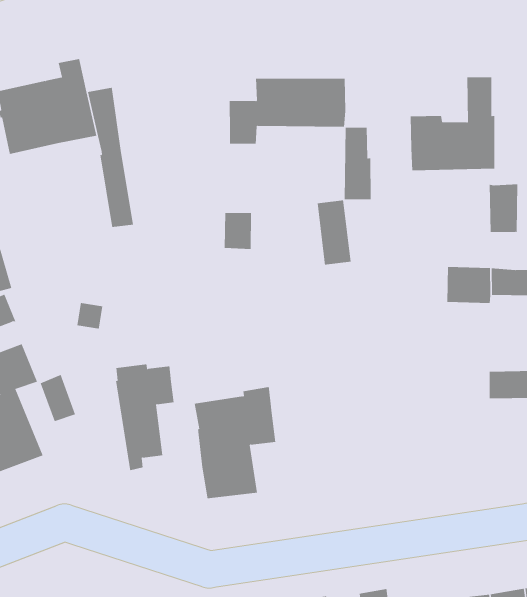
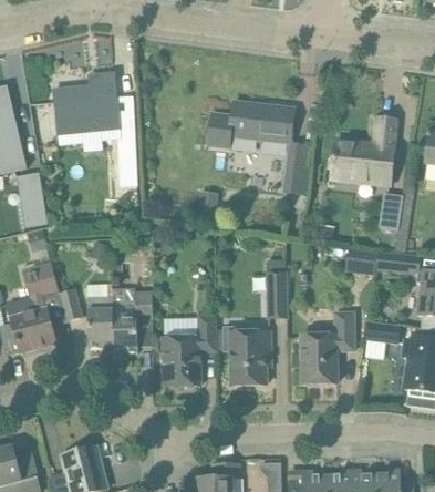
building: [317,200,351,265] -> [268,274,287,317]
building: none -> [301,311,354,383]
building: none -> [87,297,114,360]
building: none -> [217,325,271,385]

